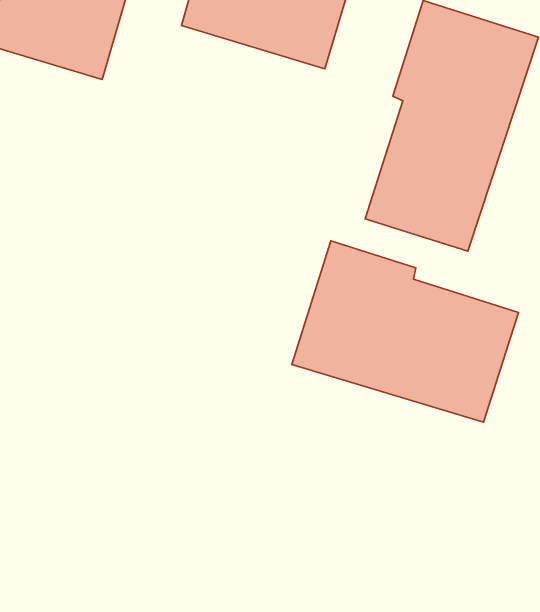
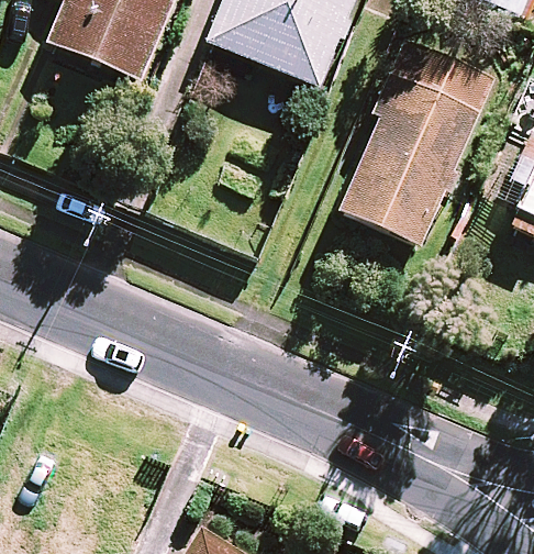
building: [292,241,519,422] -> none

